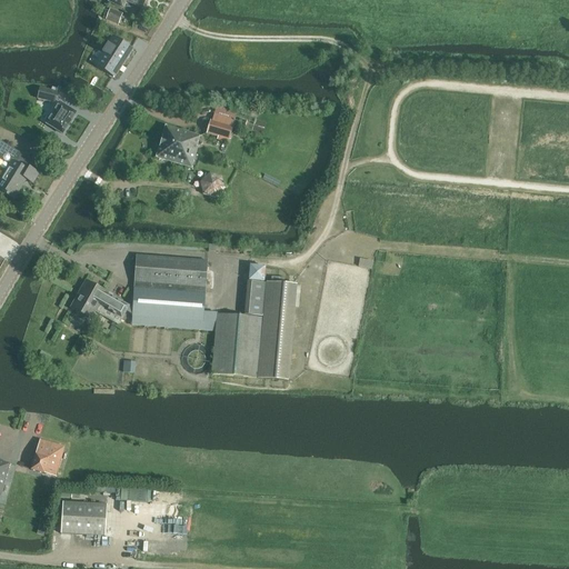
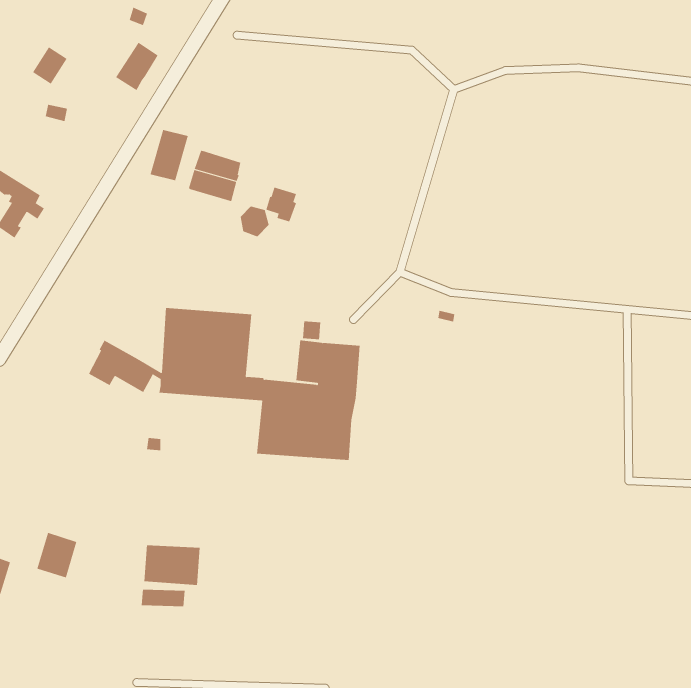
building: [46,100,74,131] -> [32,47,67,84]
building: none -> [150,129,188,181]
building: [207,111,232,140] -> [266,187,297,222]
building: [60,500,107,533] -> [144,545,200,585]

